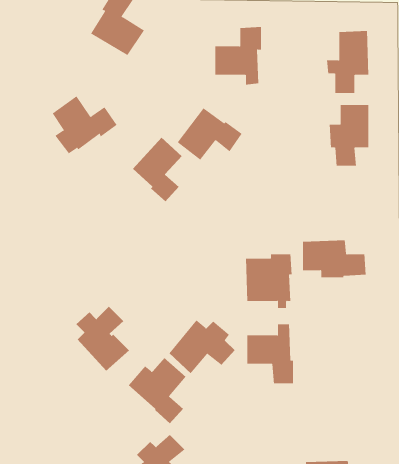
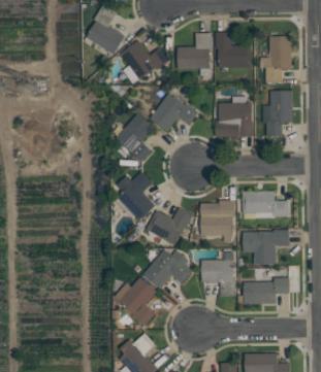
building: none -> [215,33,251,68]
building: [52,95,117,154] -> [120,40,168,83]
building: none -> [215,97,253,137]
building: none -> [145,208,192,246]
building: none -> [242,231,288,265]
building: [75,306,130,372] -> [116,172,156,221]
building: none -> [243,278,289,304]

